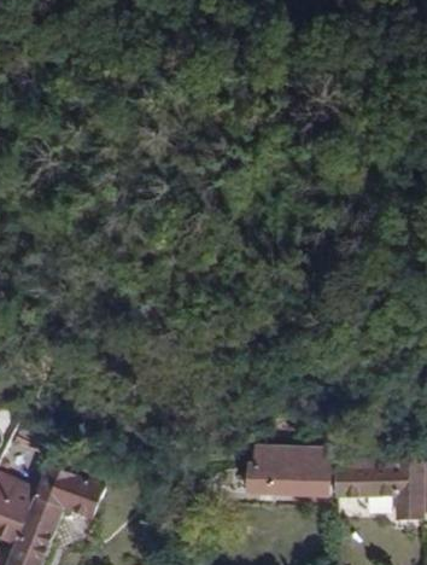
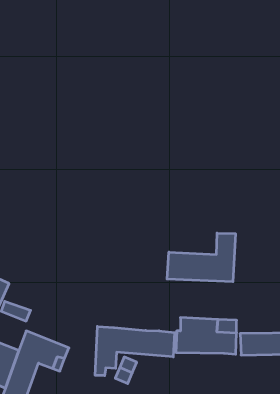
building: none -> [167,233,235,282]
building: none -> [95,326,175,376]

